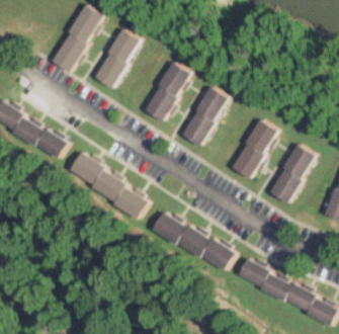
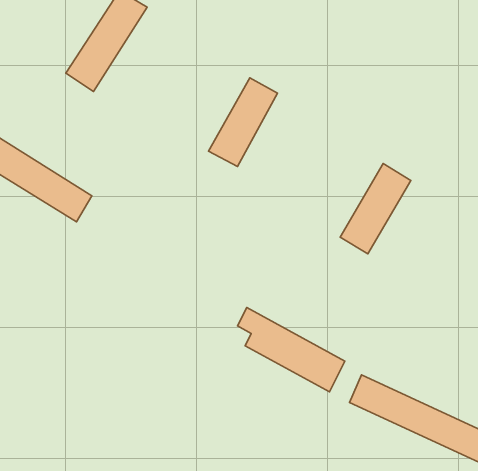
building: [93,29,140,87] -> none
building: [181,87,227,146] -> none
building: [267,144,316,202] -> none
building: [68,153,150,218] -> none

